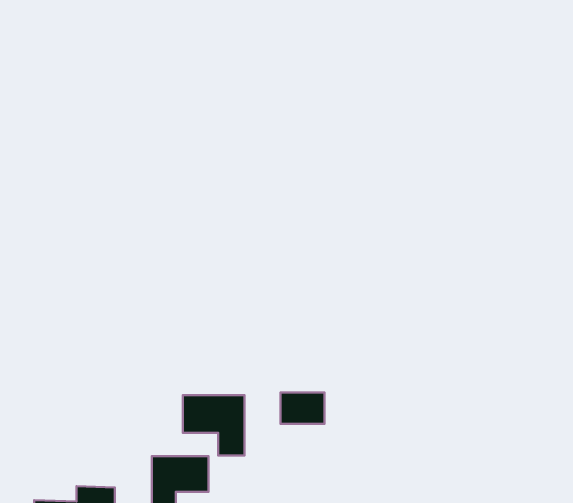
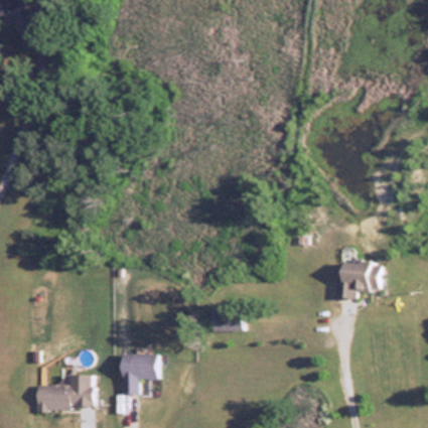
building: none -> [335,262,381,299]
building: [183,395,244,456] -> none

